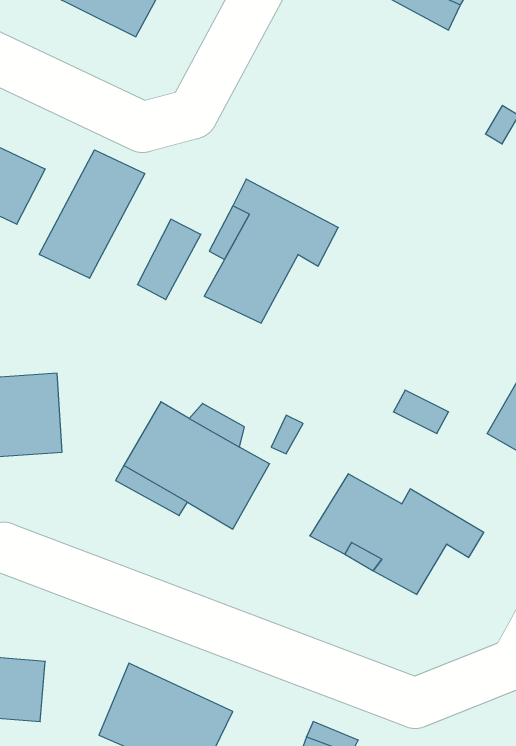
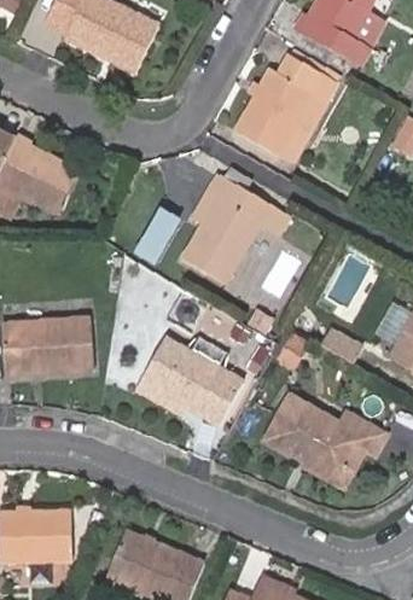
building: none -> [237,59,336,168]
building: [39,150,145,278] -> none

